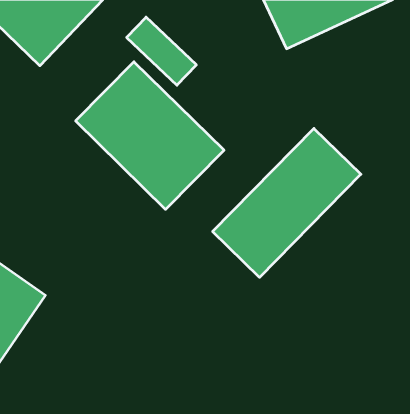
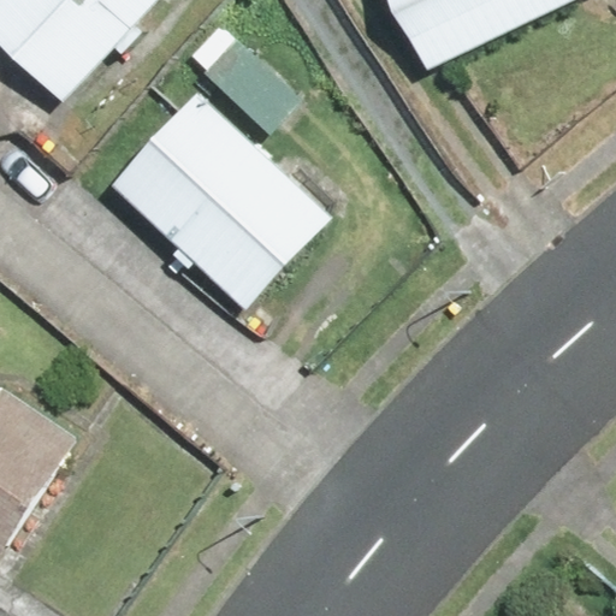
building: [213,128,361,277] -> none

